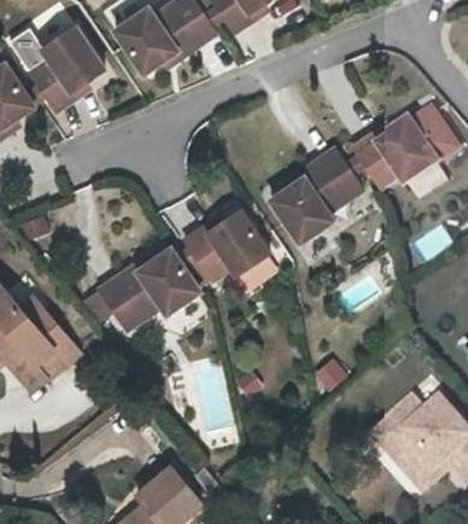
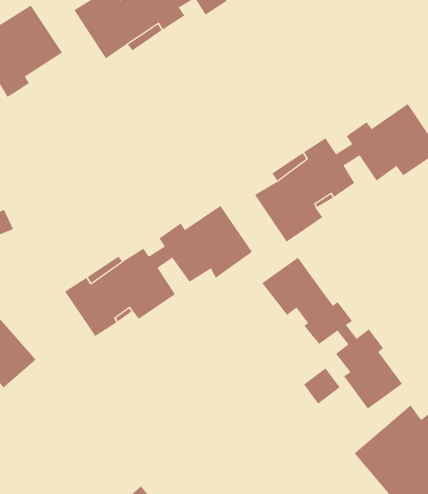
building: none -> [261,257,403,410]

